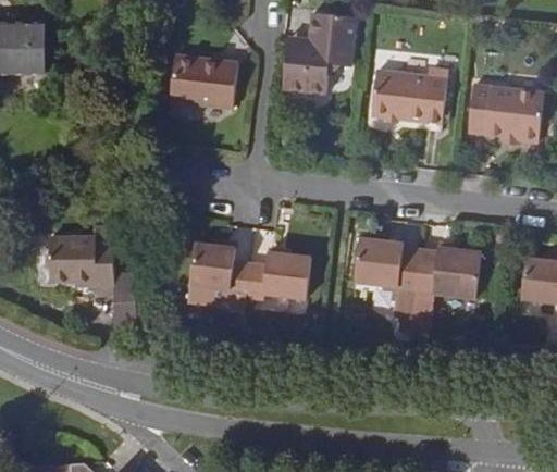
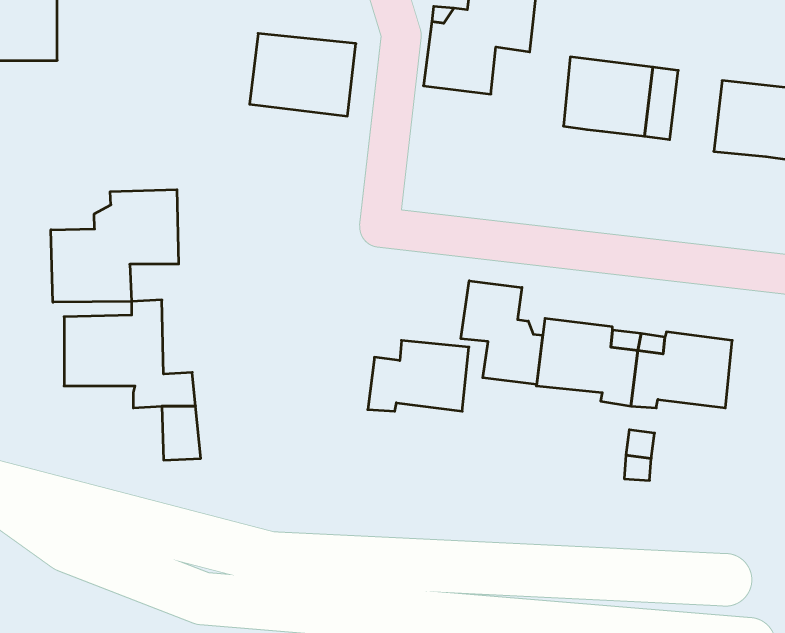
building: none -> [51,190,179,302]
building: none -> [461,281,543,385]
building: [187,245,249,309] -> none

